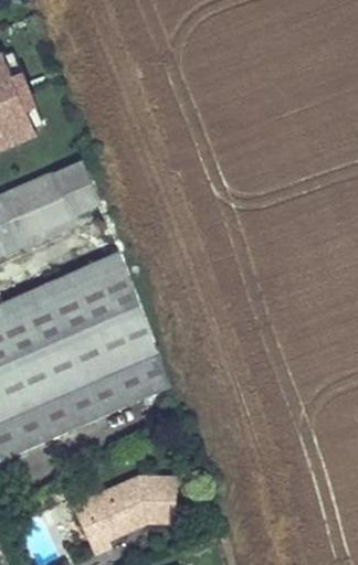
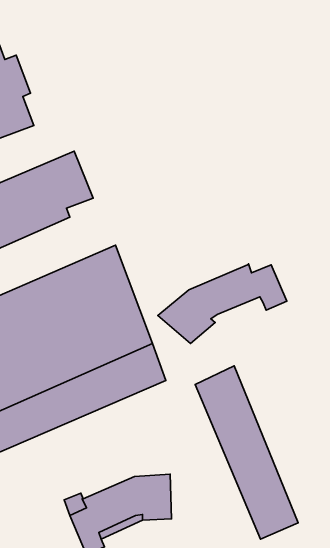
building: none -> [158,264,287,344]
building: none -> [195,366,298,539]

